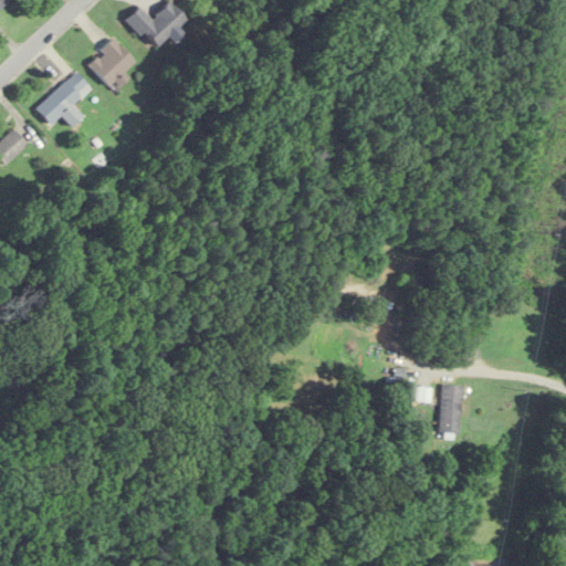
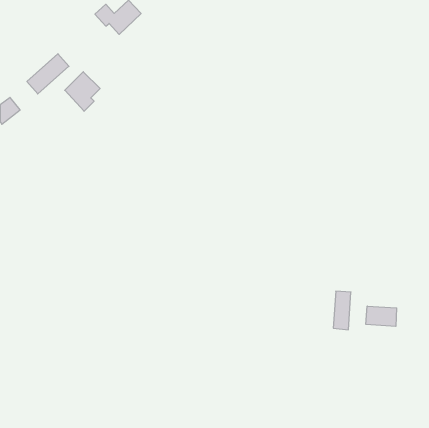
building: [88,39,135,91] -> [65,72,100,111]
building: none -> [366,306,397,326]

